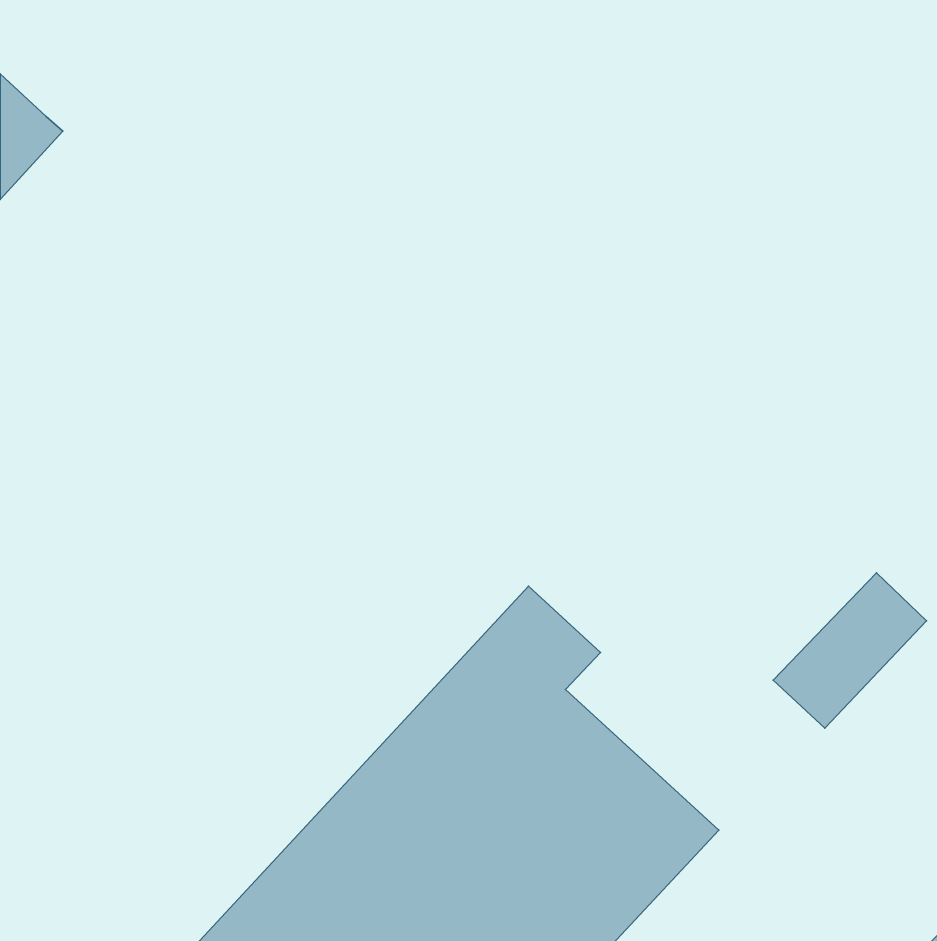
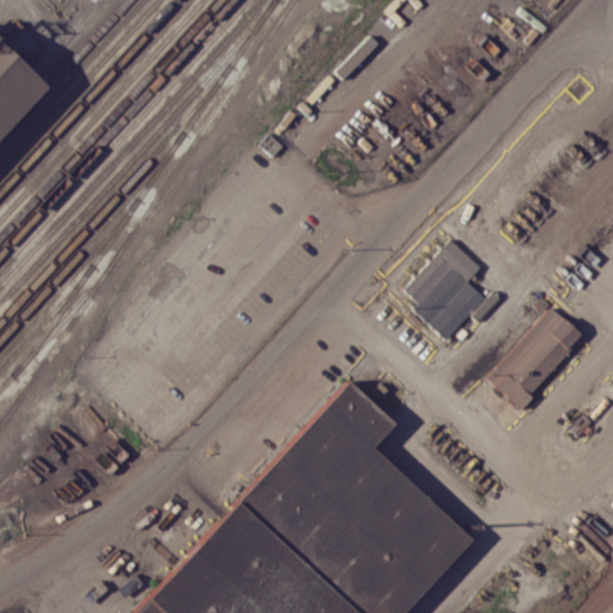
building: none -> [405,239,503,339]
building: [773,573,927,728] -> [487,309,587,409]

